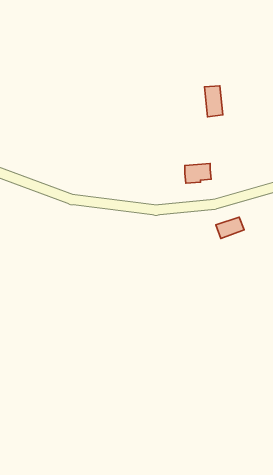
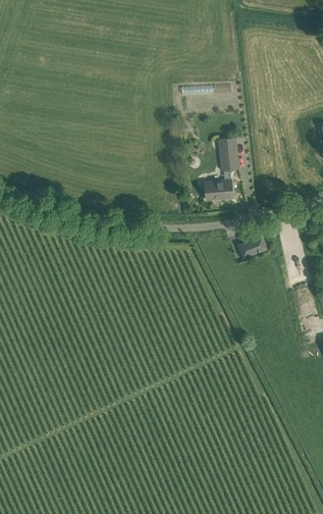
building: [204,86,223,117] -> [220,138,239,170]

